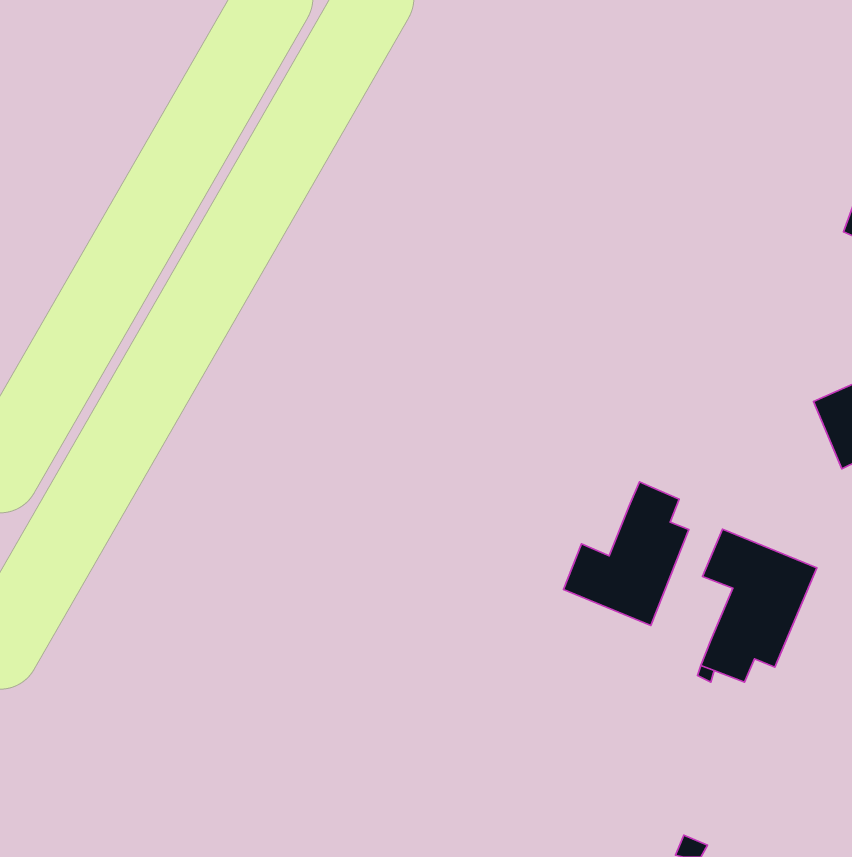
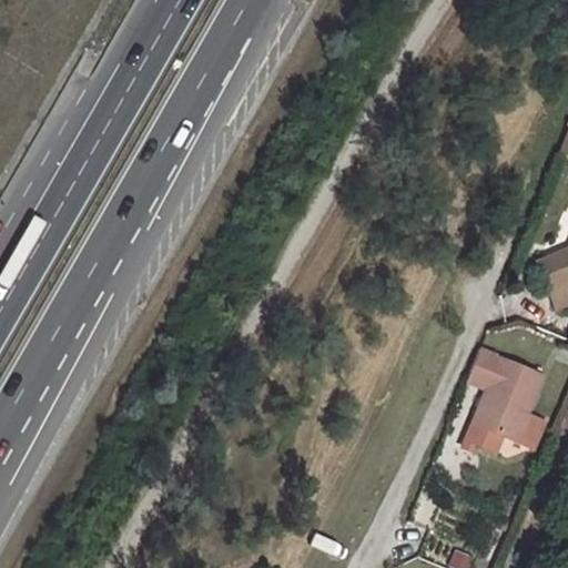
building: [564,482,689,625] -> none

